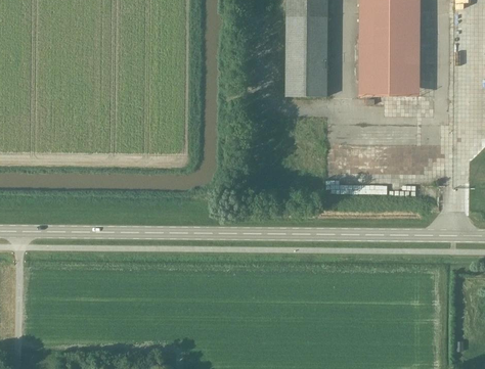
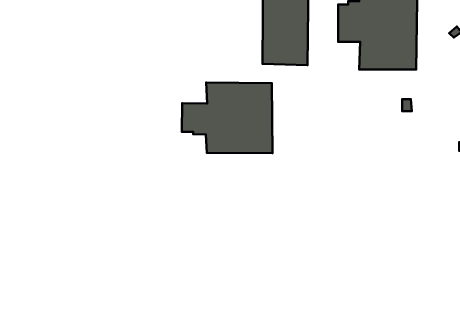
building: none -> [182,83,272,153]

